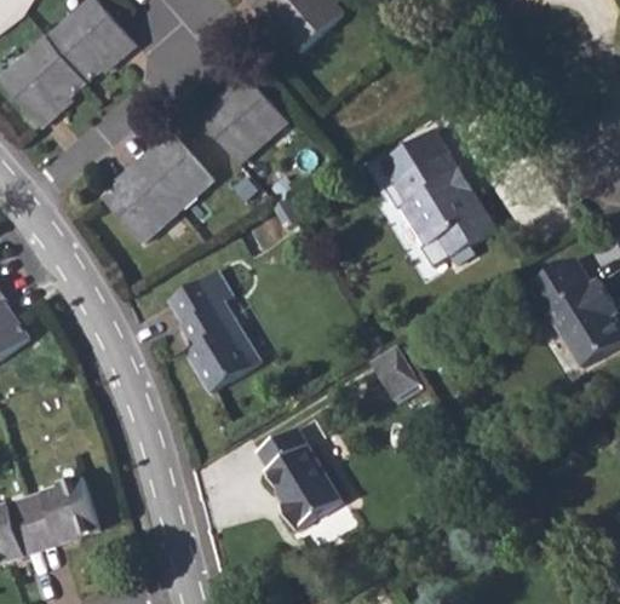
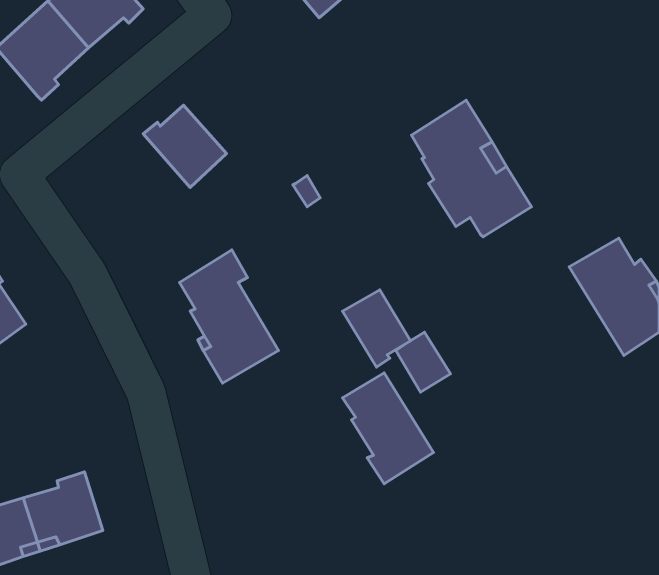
building: [201,73,286,165] -> none
building: [102,161,178,245] -> none
building: none -> [343,290,410,367]
building: [258,428,343,531] -> [342,373,434,484]

